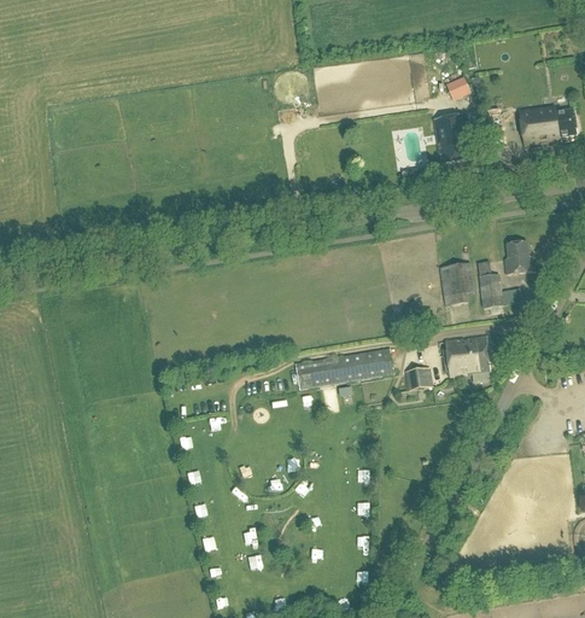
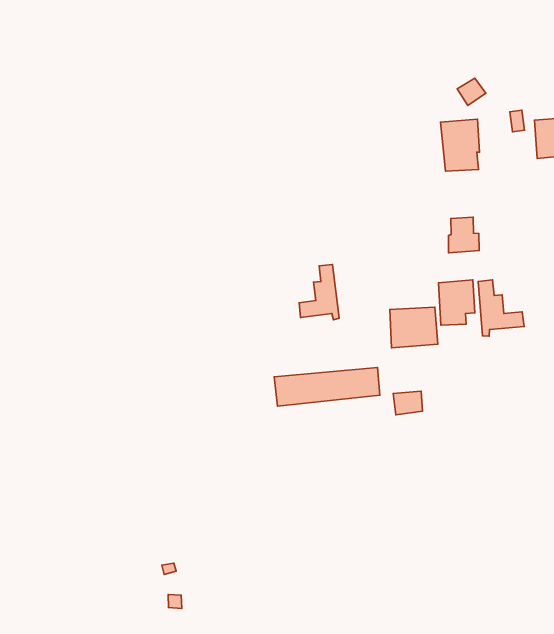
building: [507,239,536,273] -> [448,217,479,253]
building: none -> [299,265,339,320]
building: [447,336,493,375] -> [390,307,438,348]

